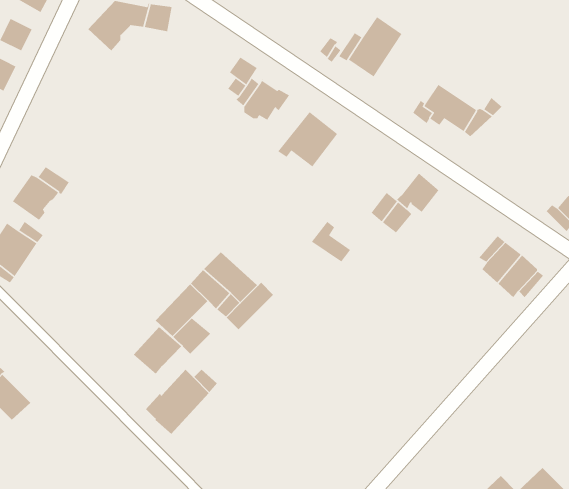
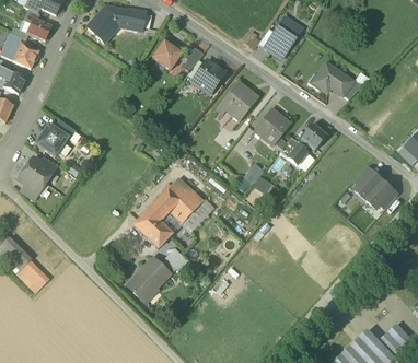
building: none -> [151,40,181,69]
building: none -> [253,108,290,145]
building: [133,326,182,375] -> none

